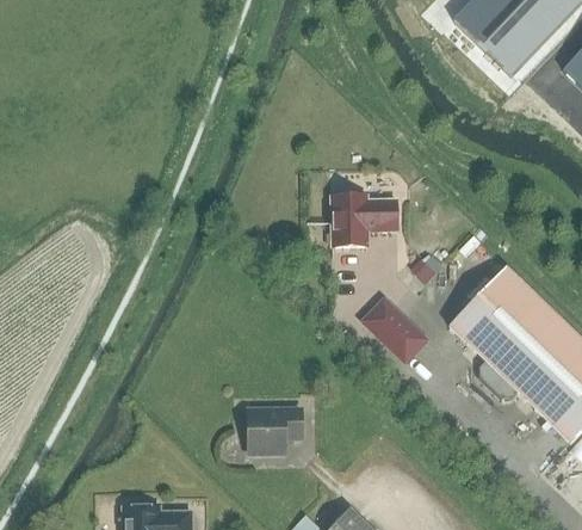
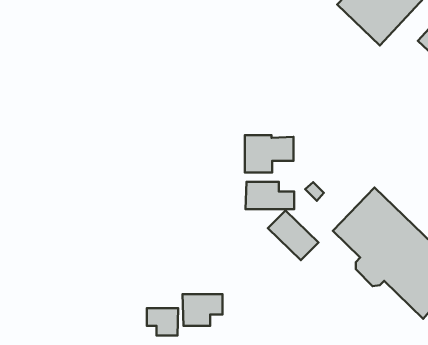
building: none -> [246,182,294,209]
building: none -> [147,308,178,336]

